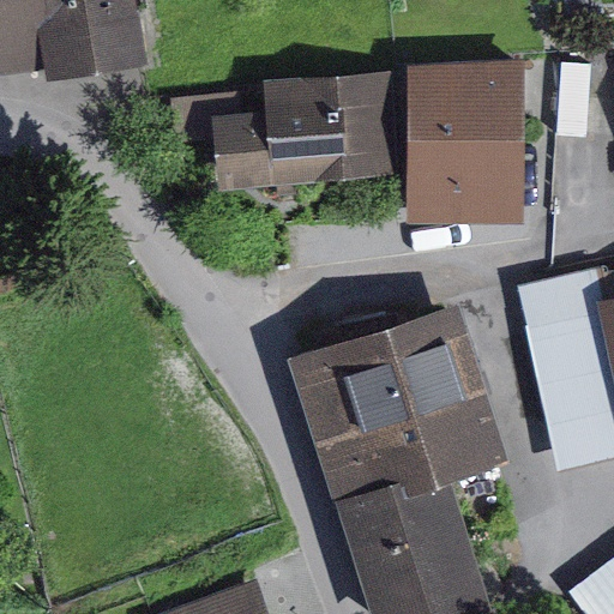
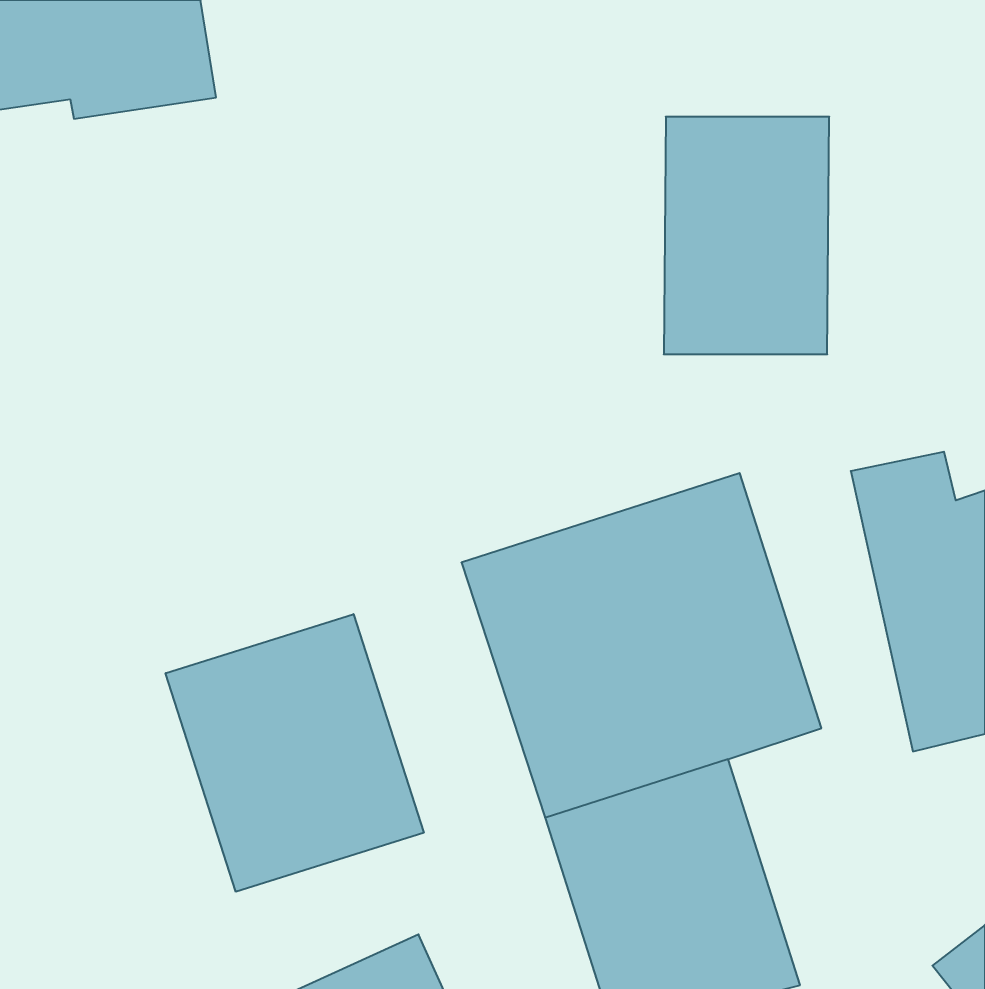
building: [210,82,386,188] -> none
building: none -> [166,614,424,892]

